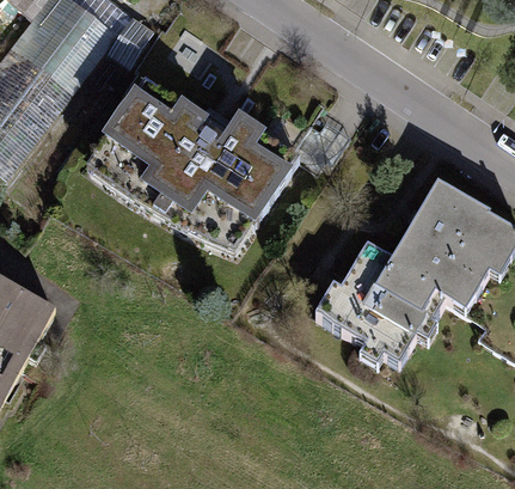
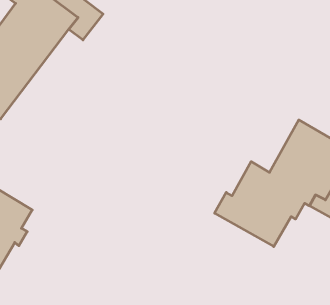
building: [100,74,300,232] -> none

